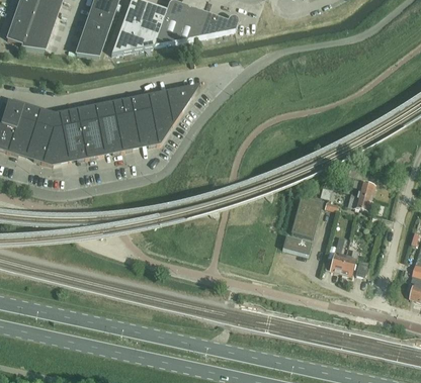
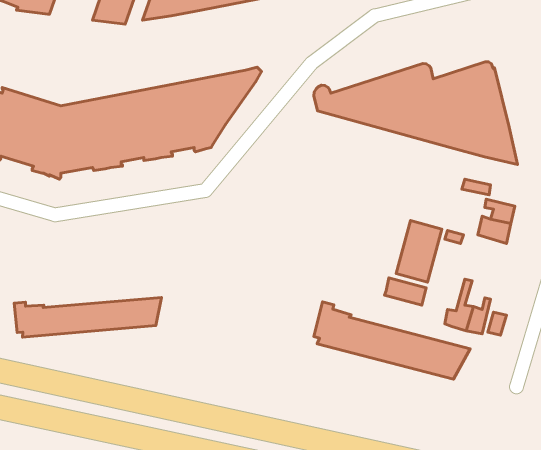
building: none -> [314,62,518,164]
building: none -> [14,297,161,337]
building: none -> [314,302,470,379]

